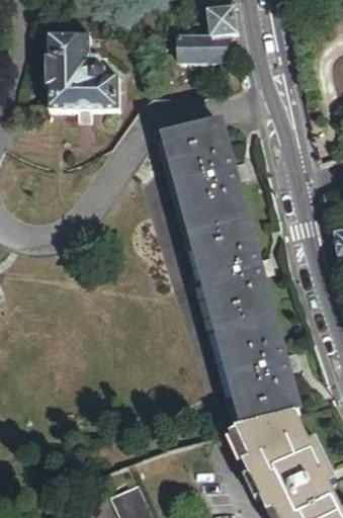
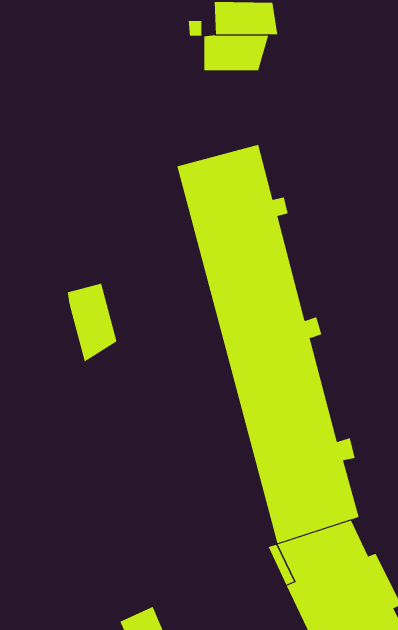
building: [39,34,111,107] -> none
building: none -> [67,283,117,362]

